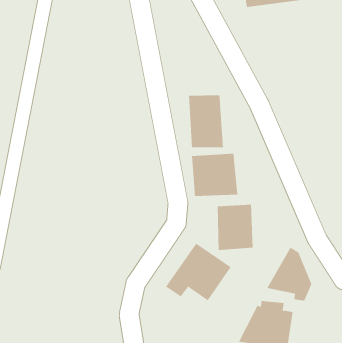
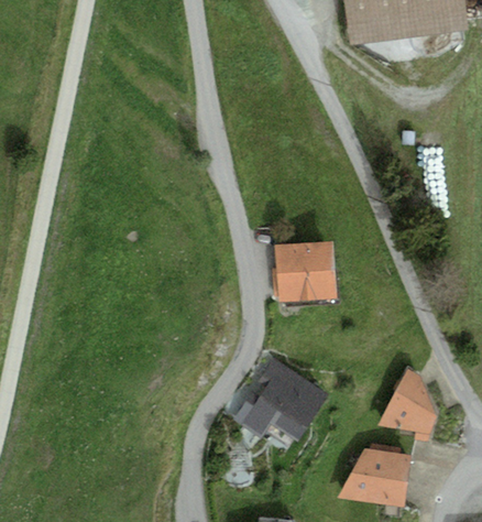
building: [188,94,224,148] -> none
building: [217,204,253,251] -> none

